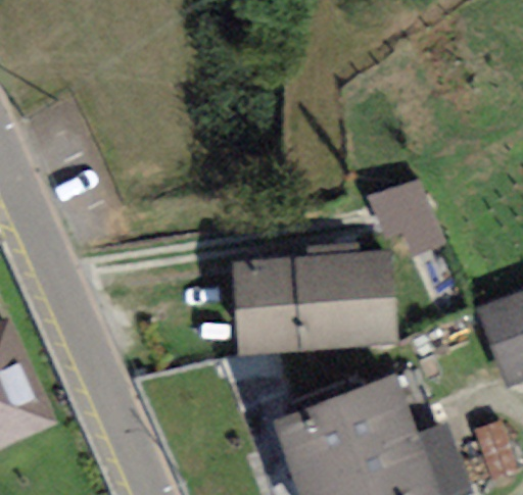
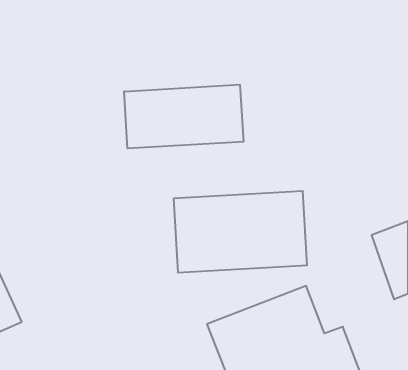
building: none -> [124,85,243,148]
building: [377,178,443,257] -> none

